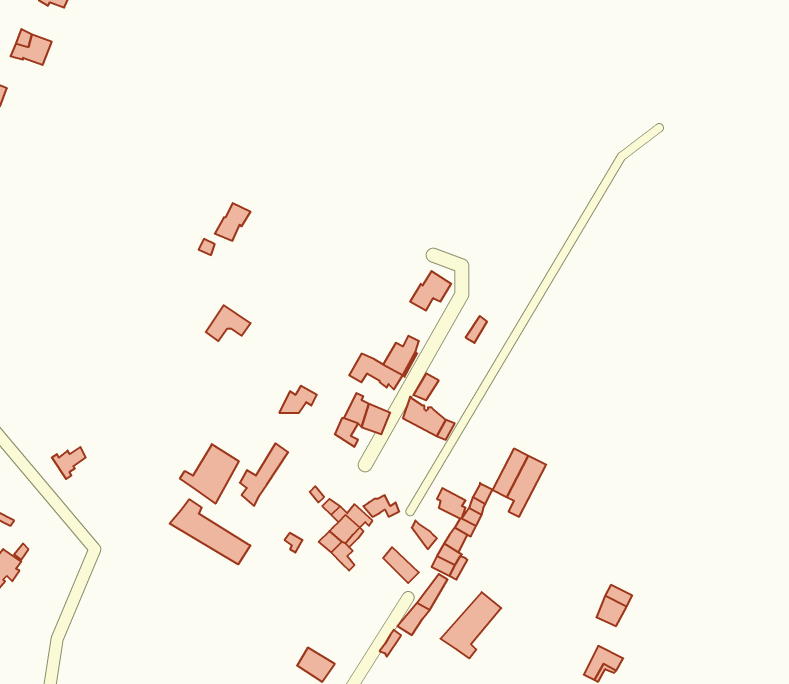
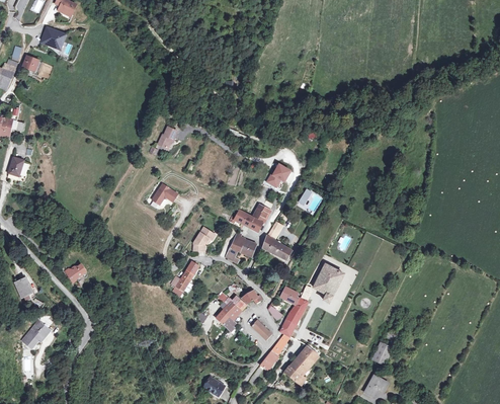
building: [180,444,239,504] -> none
building: [170,499,250,564] -> none

